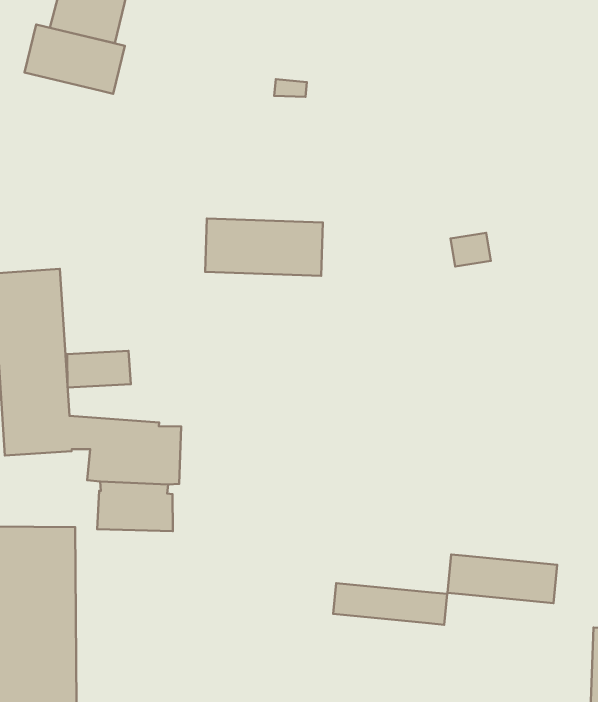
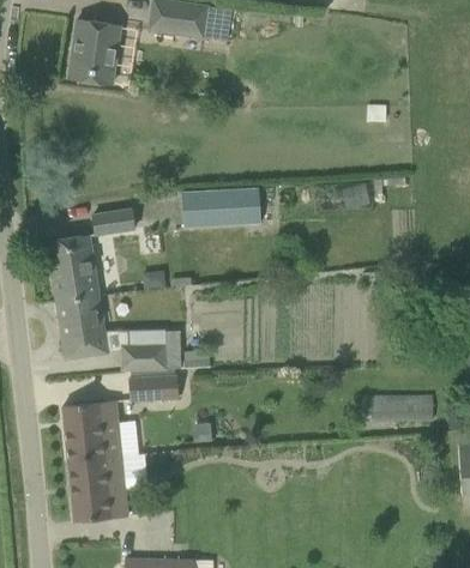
building: [25,24,125,94] -> none
building: [67,351,131,387] -> [91,207,134,235]
building: [333,583,447,625] -> none

